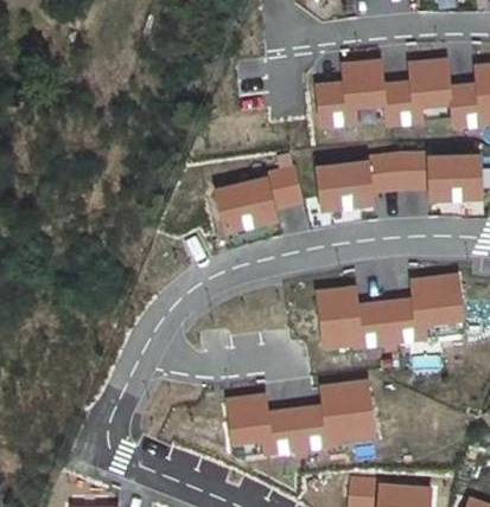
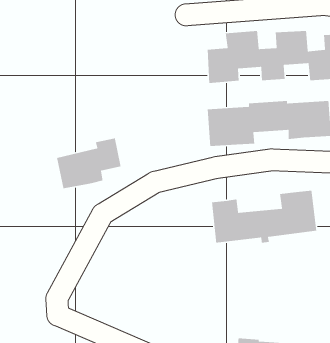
building: [214,162,304,233] -> [56,138,122,189]
building: [222,381,374,457] -> none

